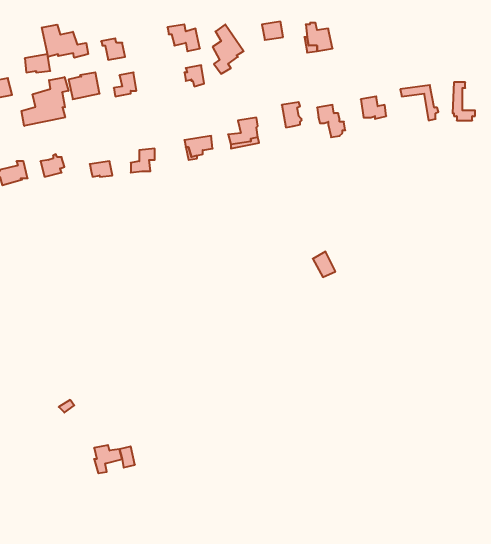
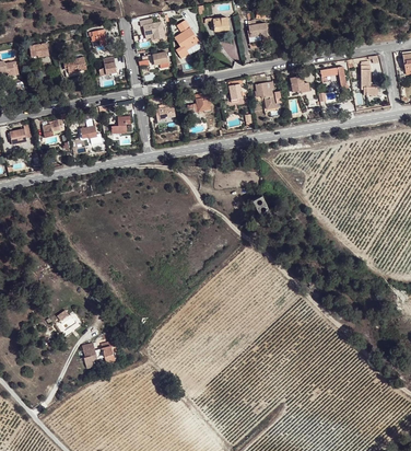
building: [42,25,88,58] -> none
building: [21,77,68,126] -> none

